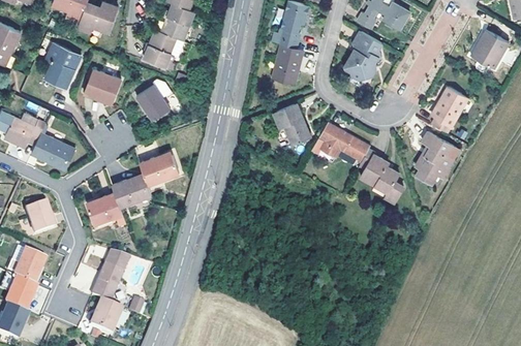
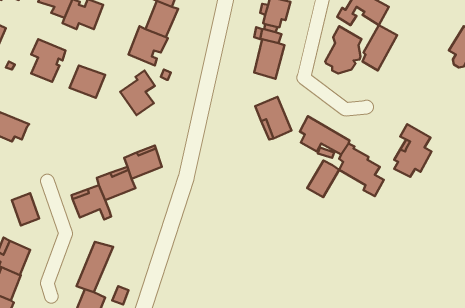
building: [431,87,466,133] -> [363,25,397,71]
building: [31,133,74,169] -> none
building: none -> [307,161,339,197]

